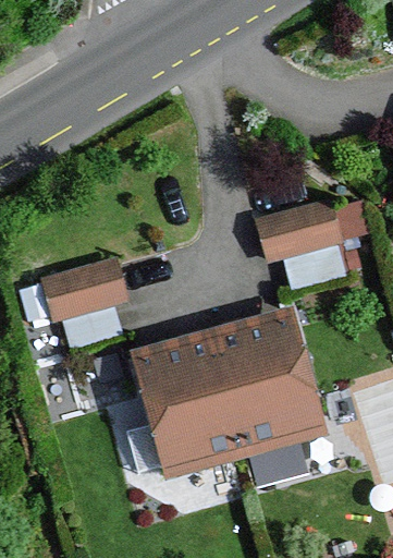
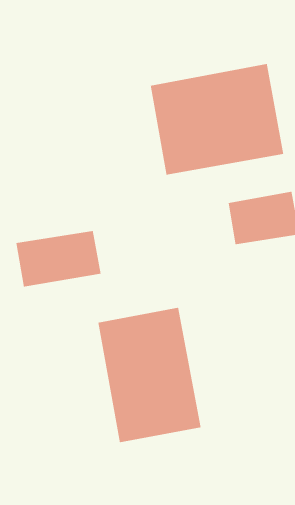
building: none -> [150,63,284,176]
building: [217,316,319,456] -> none

